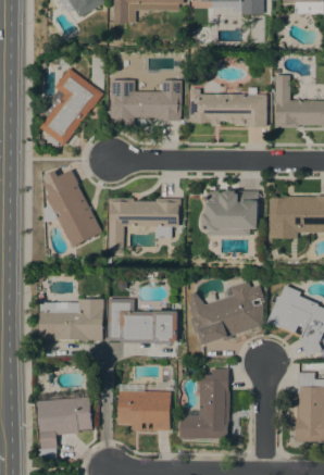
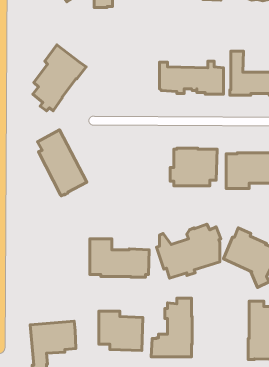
building: [107,79,182,122] -> none
building: [110,198,182,251] -> none
building: [40,298,103,339] -> none

